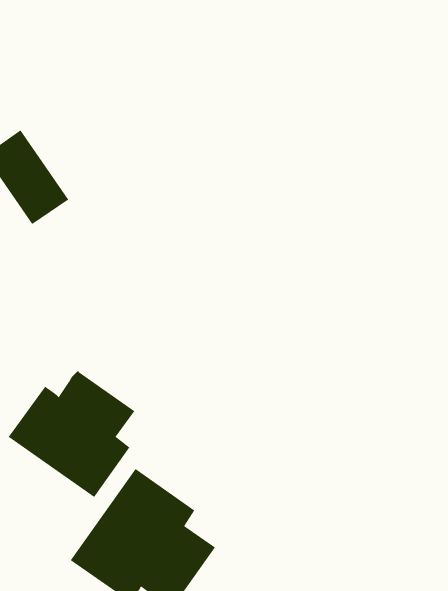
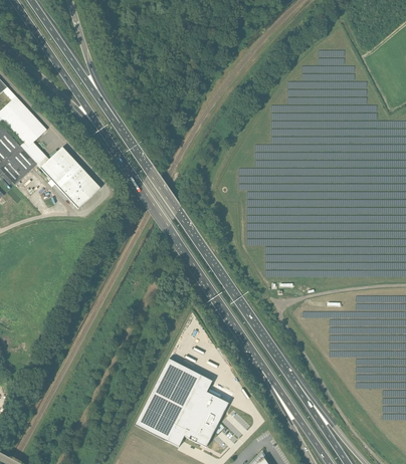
building: [8,370,135,498] -> none

